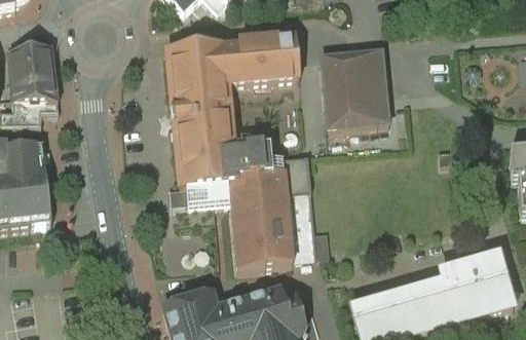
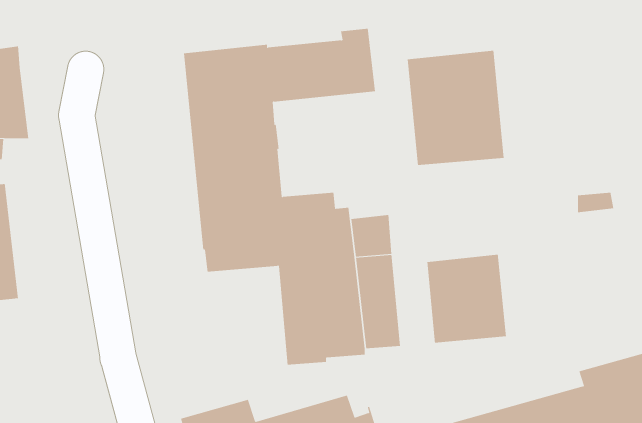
building: none -> [427,254,506,344]

